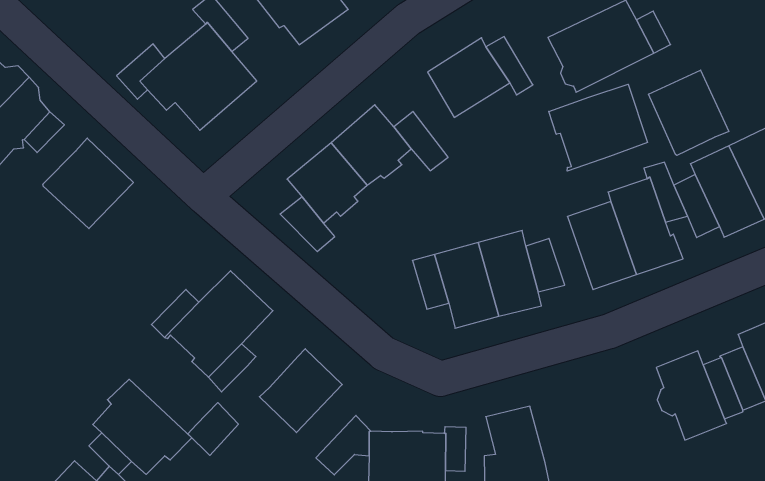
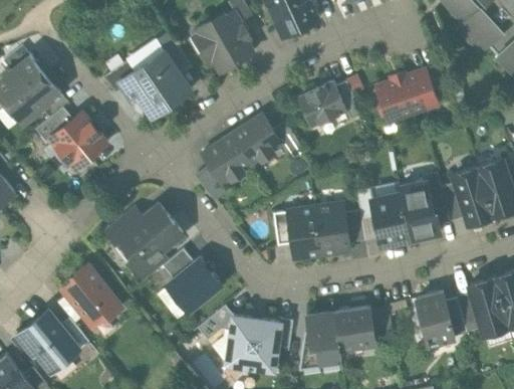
building: [649,70,729,155] -> none
building: [549,84,648,171] -> none
building: none -> [35,107,73,143]
building: none -> [334,309,374,350]
building: [188,403,238,455] -> [163,249,195,281]

